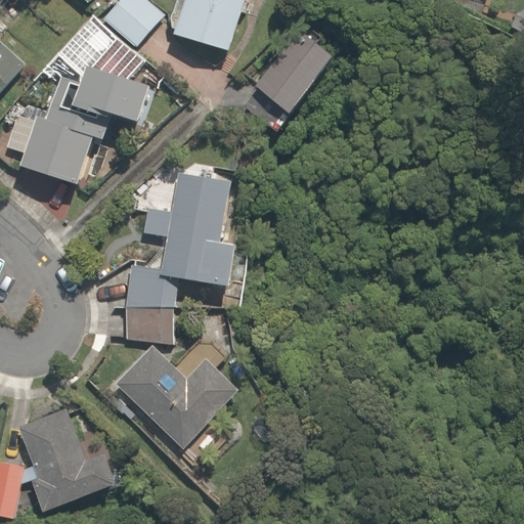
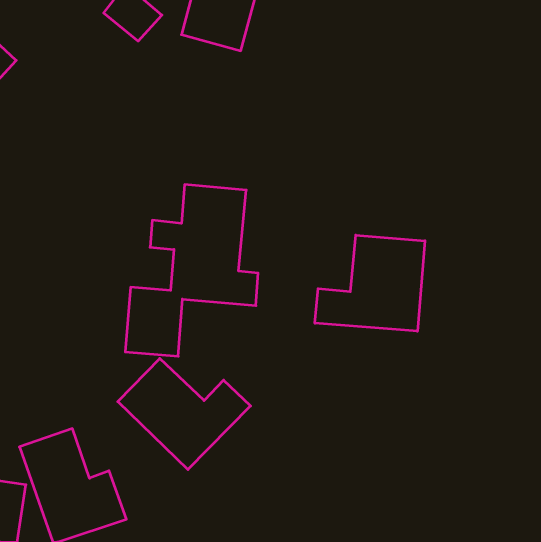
building: [23,9,157,185] -> none
building: [253,30,337,118] -> none
building: none -> [315,235,425,331]

